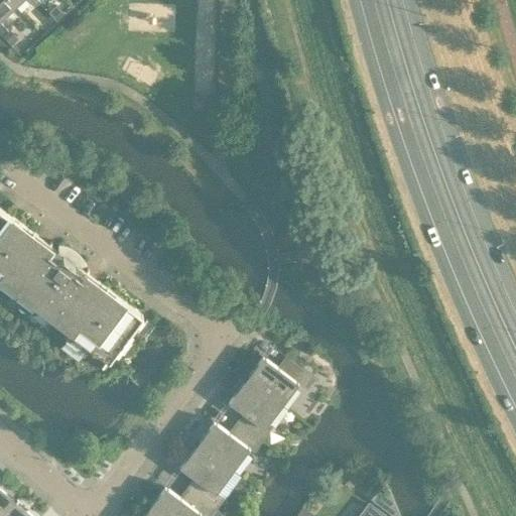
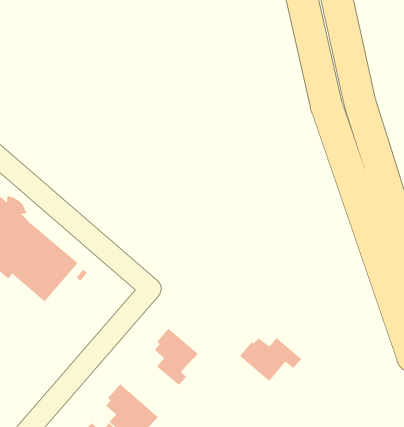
building: [243,360,312,409] -> [239,337,302,382]
building: [195,426,259,474] -> none

